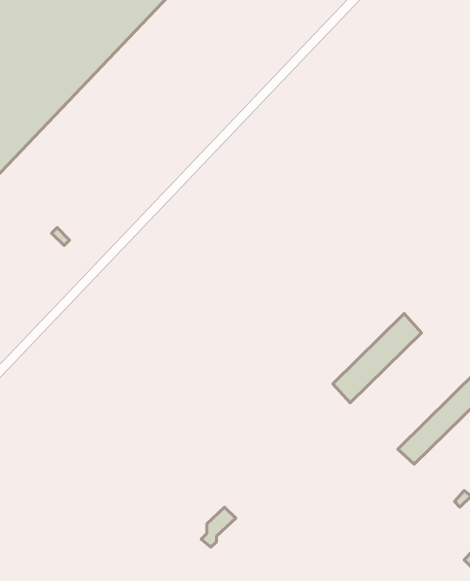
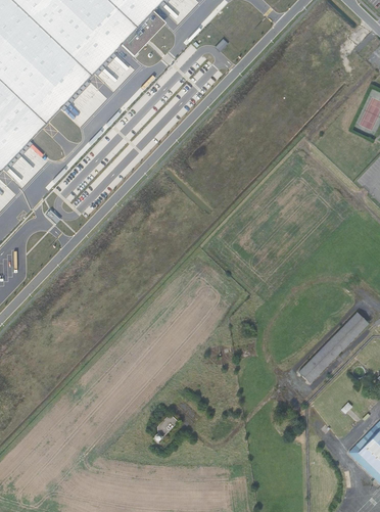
building: [333,314,421,403] -> none

